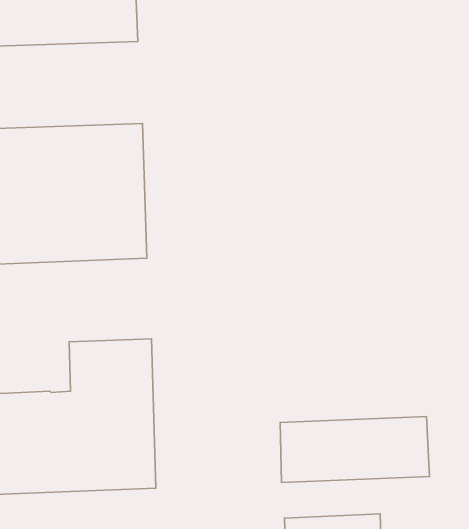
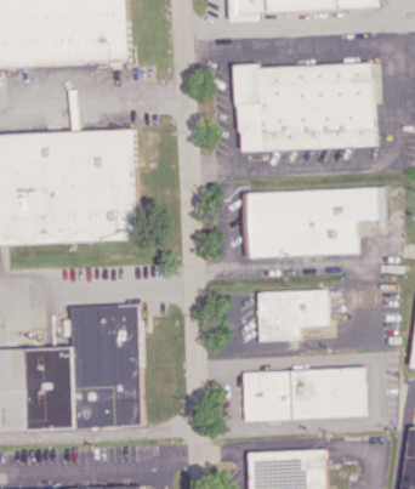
building: none -> [234,63,374,150]
building: none -> [239,188,382,257]
building: none -> [256,290,325,341]

